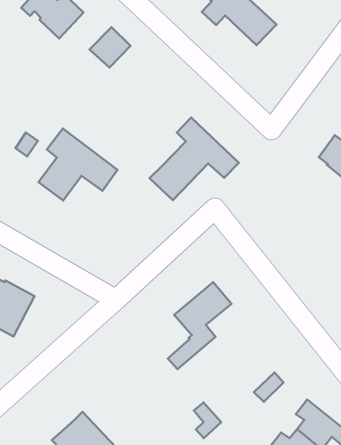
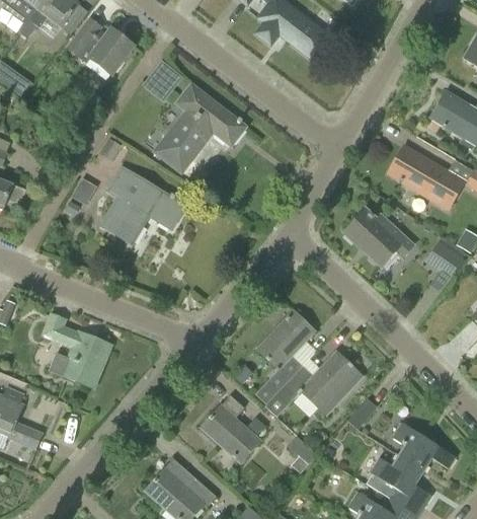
building: [149,117,239,200] -> [154,85,244,172]
building: none -> [344,209,412,266]
building: none -> [266,351,357,415]
building: none -> [202,393,267,461]

